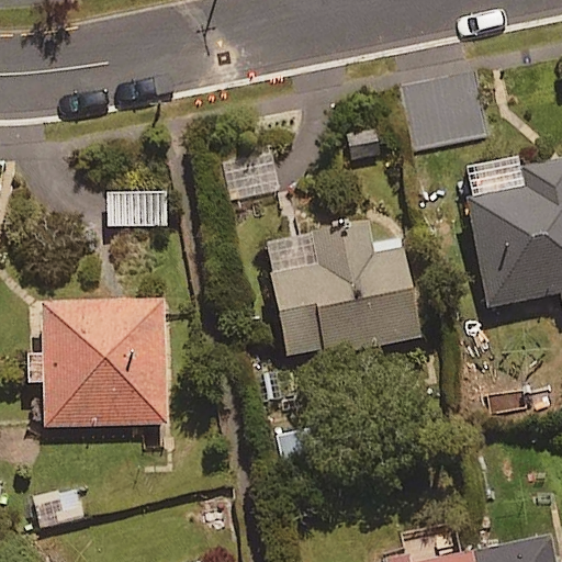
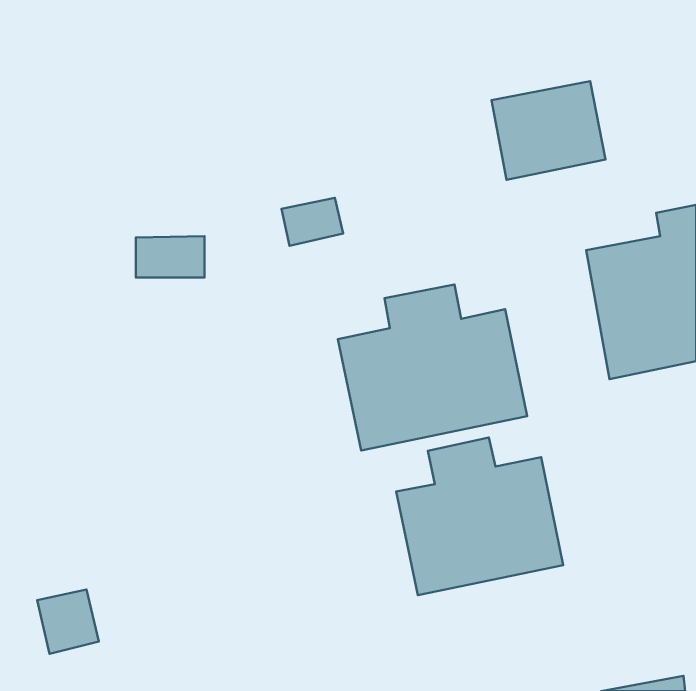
building: [42,300,166,425] -> none
building: none -> [396,437,563,595]

